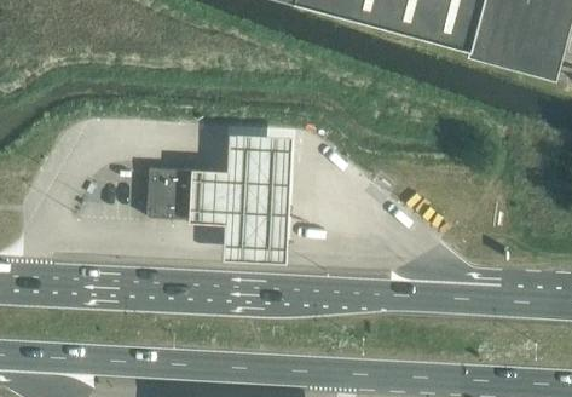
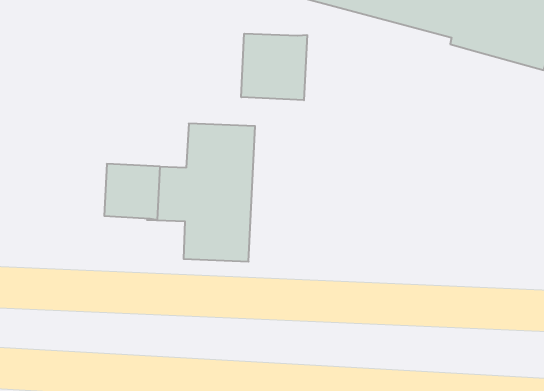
building: none -> [241,34,307,100]

